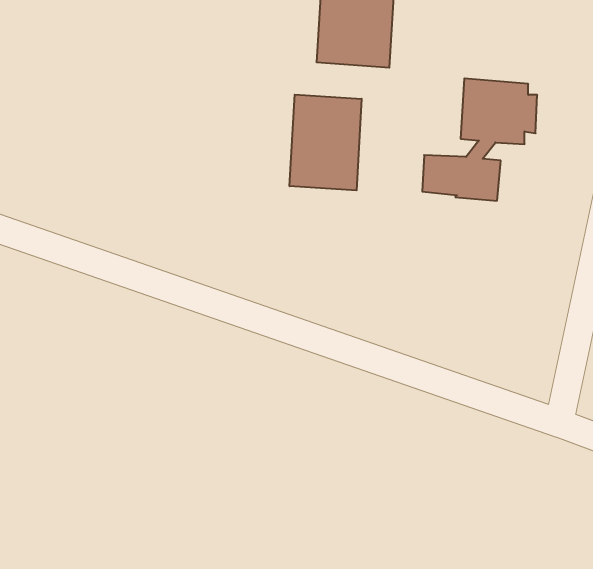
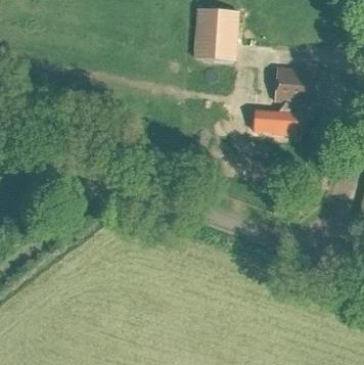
building: [290,95,362,190] -> none

